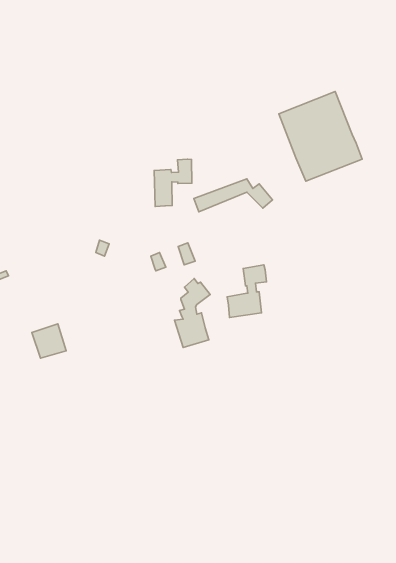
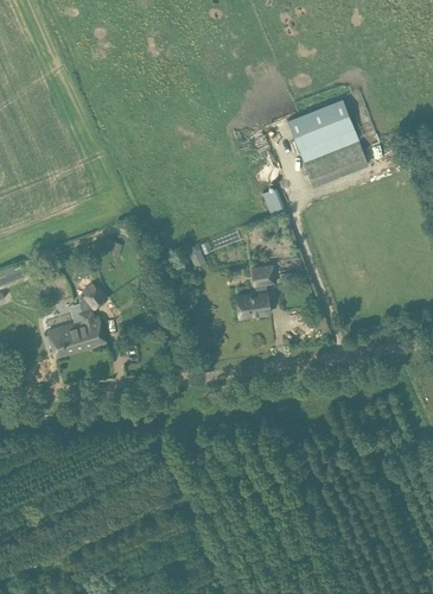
building: [154,159,192,207] -> none
building: [175,279,210,347] -> [74,282,108,348]

